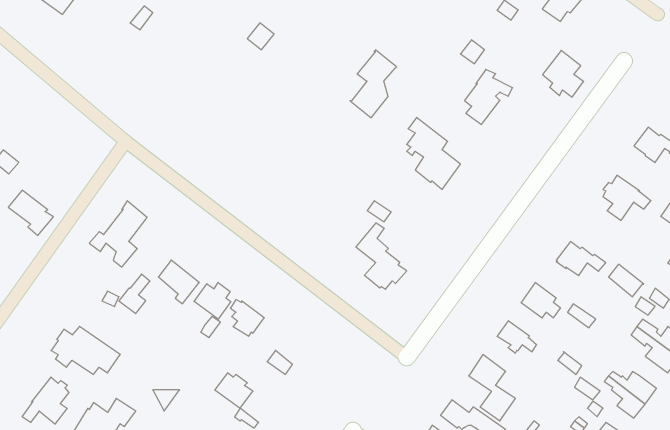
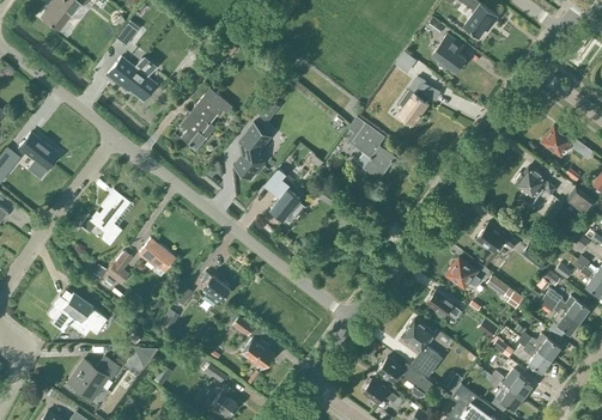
building: none -> [107,57,156,101]
building: [350,50,397,118] -> [233,123,273,181]
building: [543,50,584,97] -> [432,34,467,73]
building: none -> [181,90,233,152]
building: [8,190,53,235] -> [18,134,56,172]
building: [356,223,407,289] -> [263,166,306,223]
building: [194,282,231,319] -> none
building: [215,373,253,408] -> [241,339,273,369]
building: [22,377,69,424] -> none

